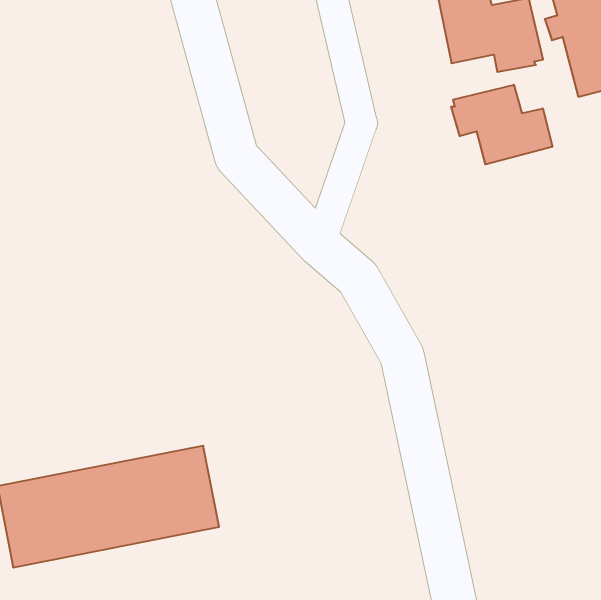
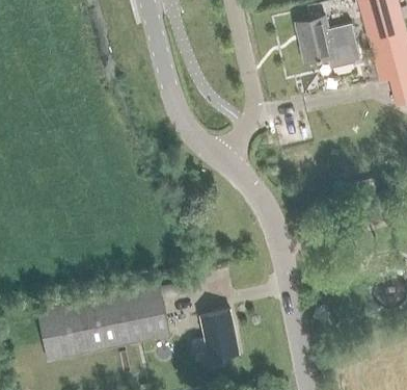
building: [451,85,552,164] -> none
building: none -> [192,311,239,360]

